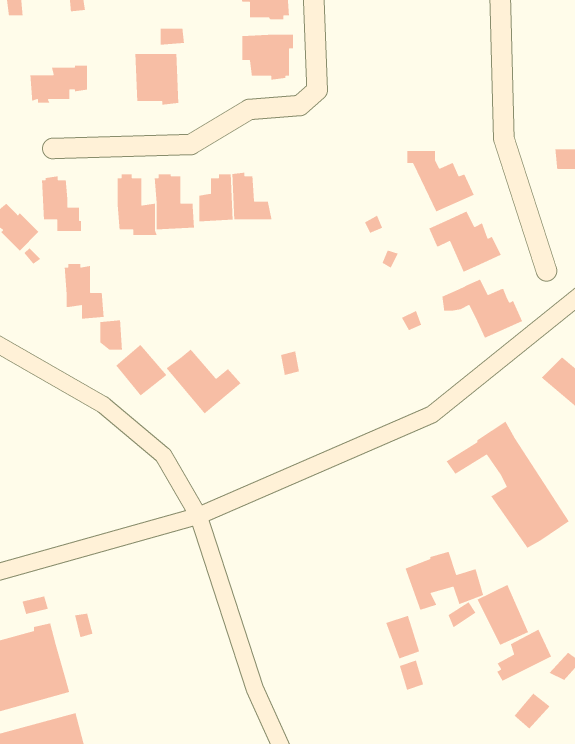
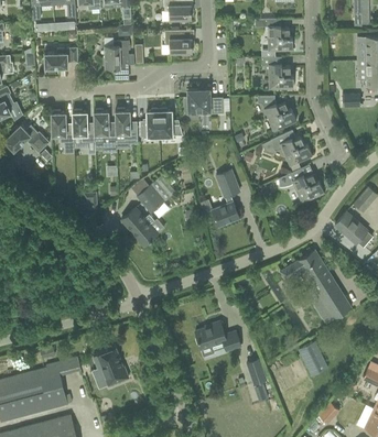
building: none -> [264,19,293,51]
building: none -> [261,57,293,89]
building: none -> [186,89,224,114]
building: [64,263,105,319] -> [72,110,95,142]
building: none -> [212,170,239,226]
building: [115,344,168,396] -> [136,184,165,214]
building: [404,551,484,611] -> [195,321,240,356]
building: none -> [93,348,129,386]
building: [496,628,552,682] -> none

